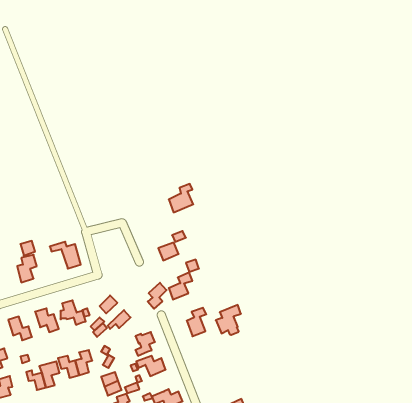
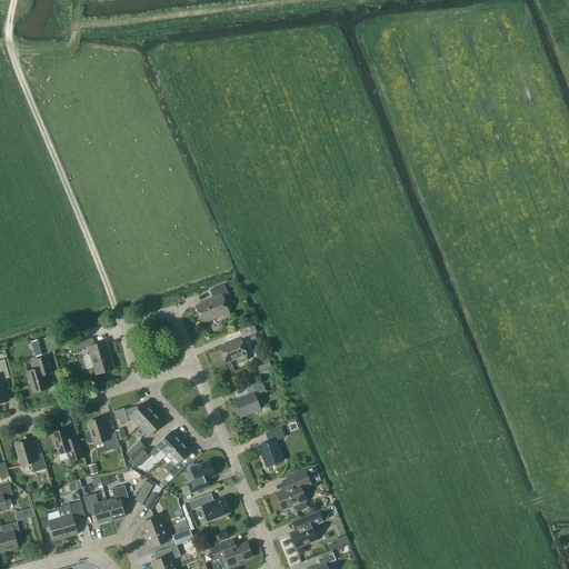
building: [169,184,193,212] -> [194,284,228,323]
building: [148,283,167,309] -> [163,441,189,477]
building: none -> [112,401,152,426]
building: [216,305,241,335] -> [274,471,309,512]
building: none -> [288,511,321,548]

